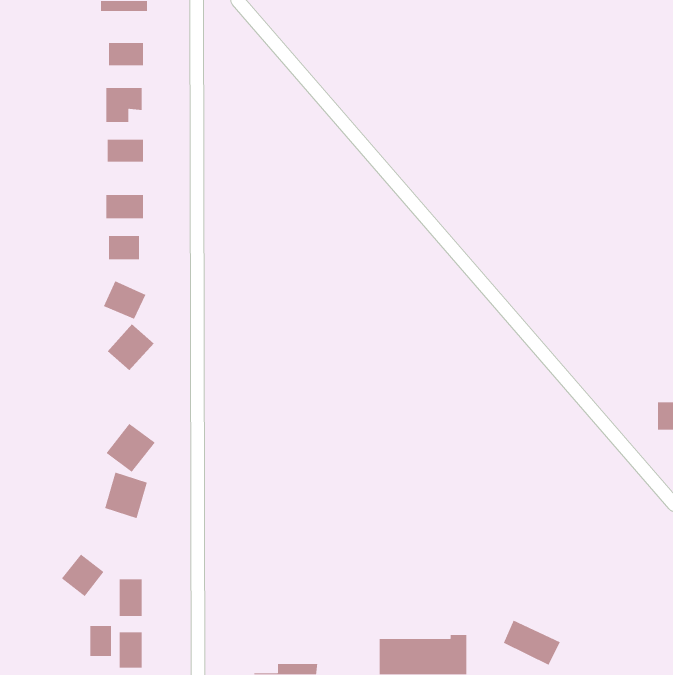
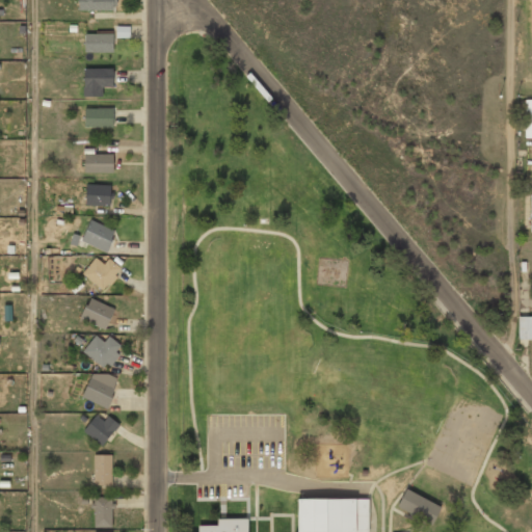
building: none -> [80,298,115,330]
building: [61,553,104,597] -> [84,411,118,446]
building: [89,625,112,657] -> none

